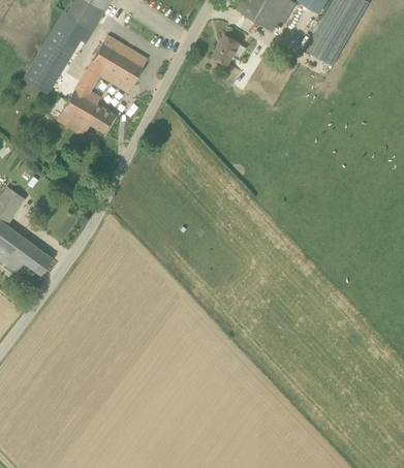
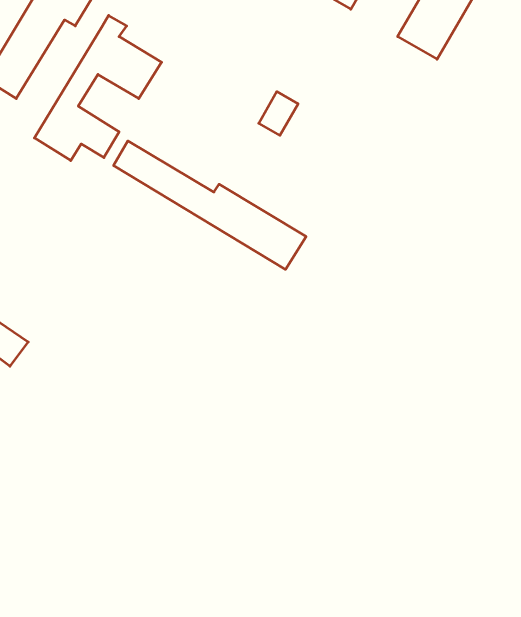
building: [214,34,241,64] -> [259,92,298,135]
building: none -> [114,141,306,269]

